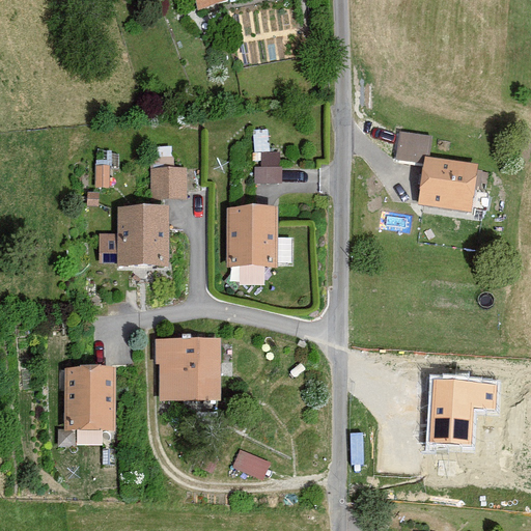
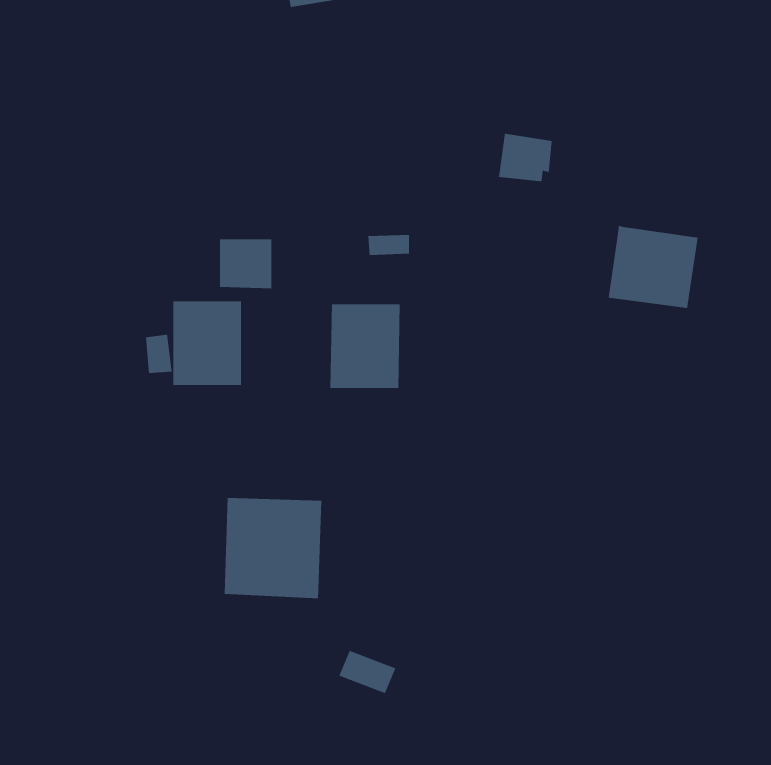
building: [393,129,430,162] -> [498,133,553,182]
building: [62,368,113,431] -> none
building: [429,375,497,442] -> none

